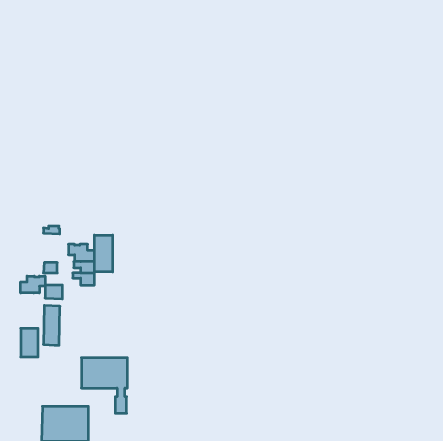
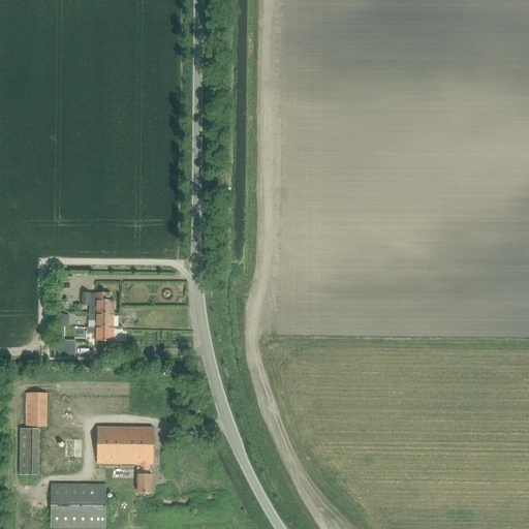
building: [94,235,113,272] -> none
building: [21,276,45,293] -> none
building: [43,305,60,345] -> [19,427,38,474]

